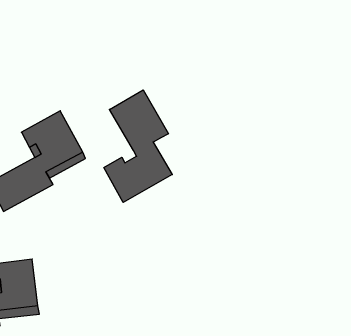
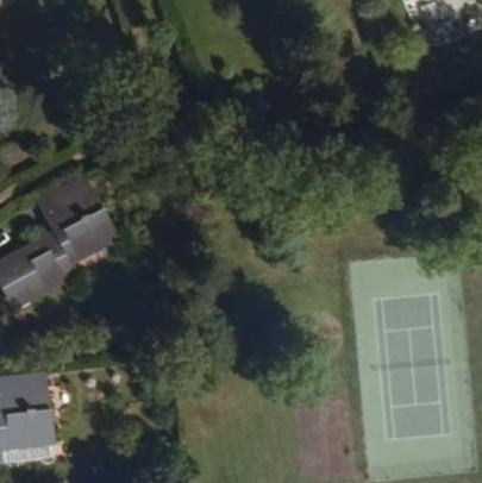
building: [104,90,172,202] -> none

